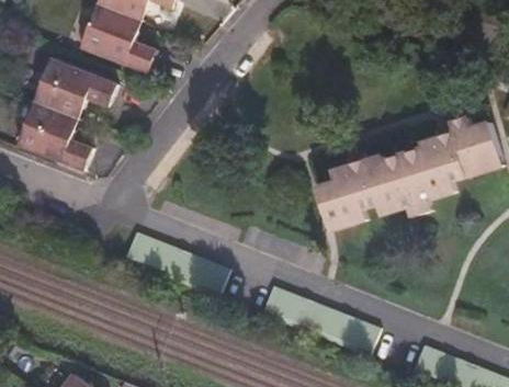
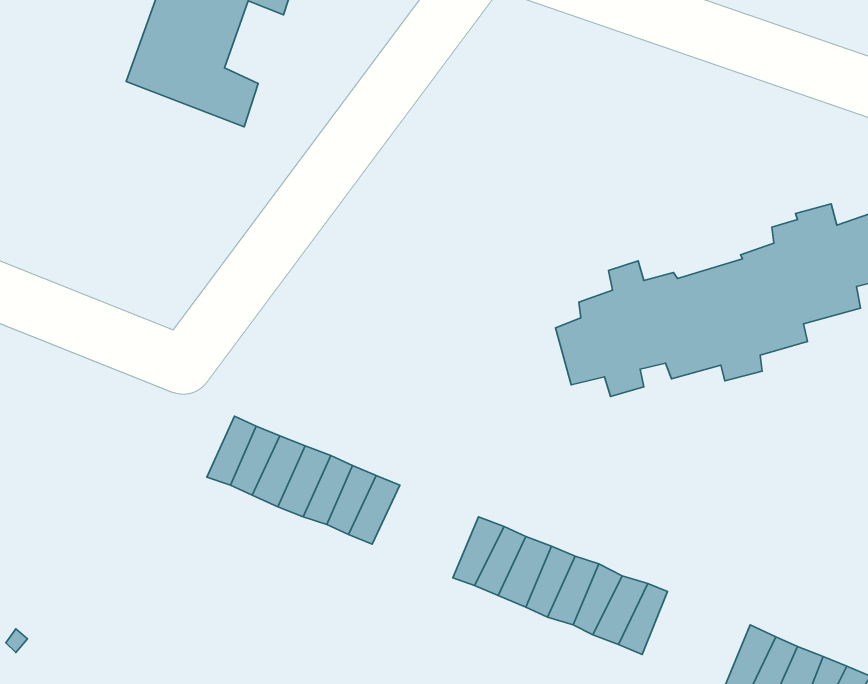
building: [19,55,115,167] -> none

